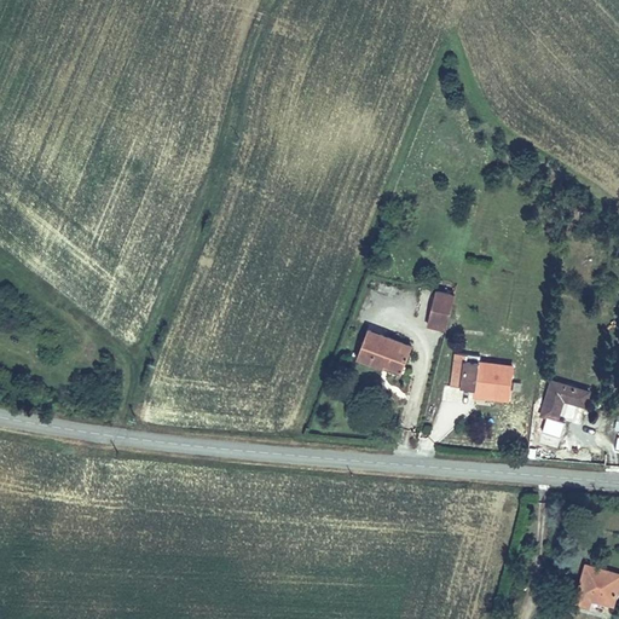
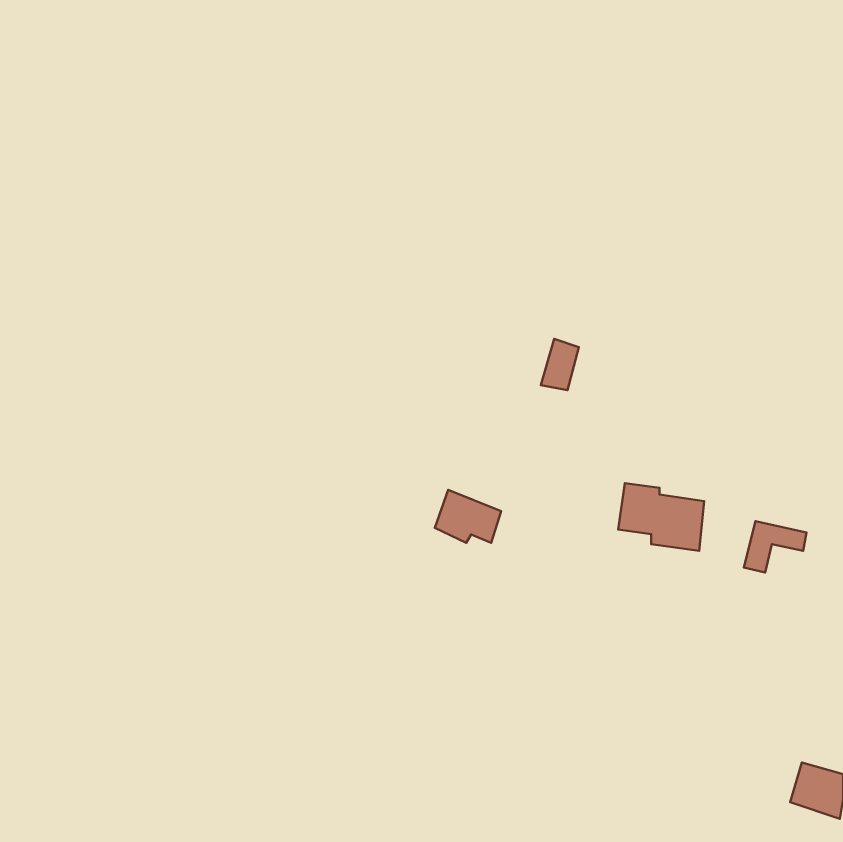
building: [426,294,453,331] -> [541,339,579,390]
building: [358,332,406,371] -> [435,490,501,543]

